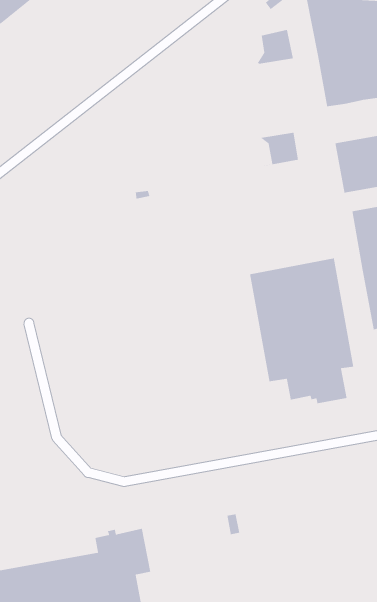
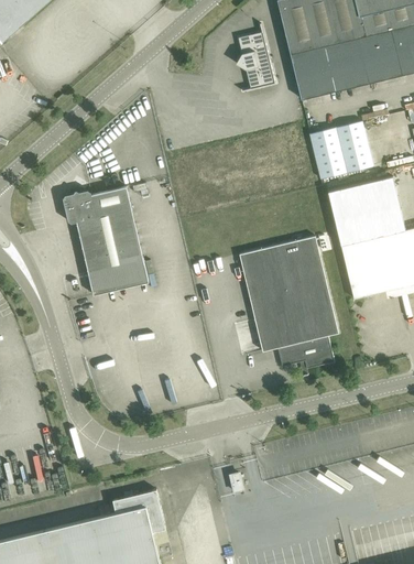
building: [260,132,299,167] -> [238,58,274,91]
building: none -> [63,186,149,294]

